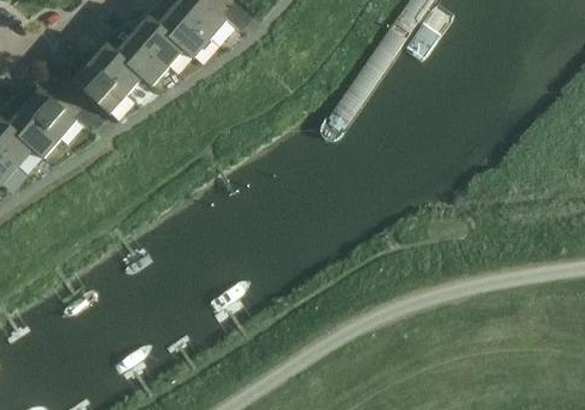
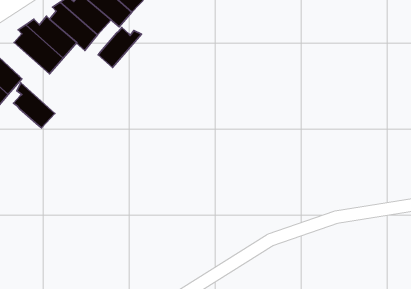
building: none -> [98,27,141,67]
building: none -> [13,83,55,128]

